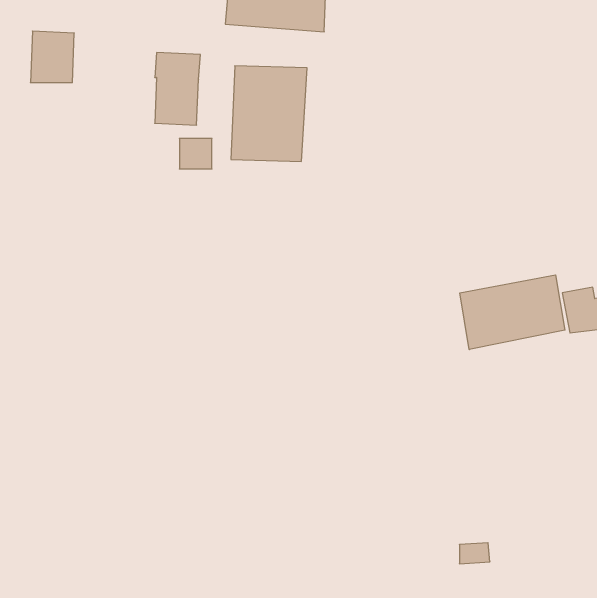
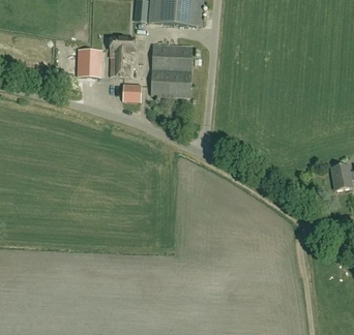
building: [30,31,74,83] -> [78,48,101,75]
building: [460,275,565,350] -> none

